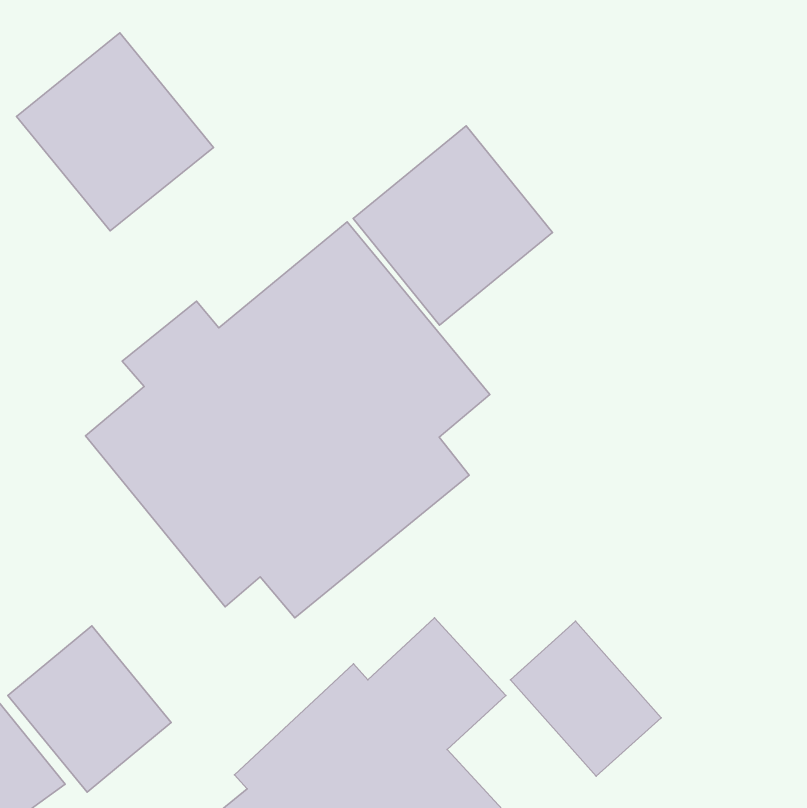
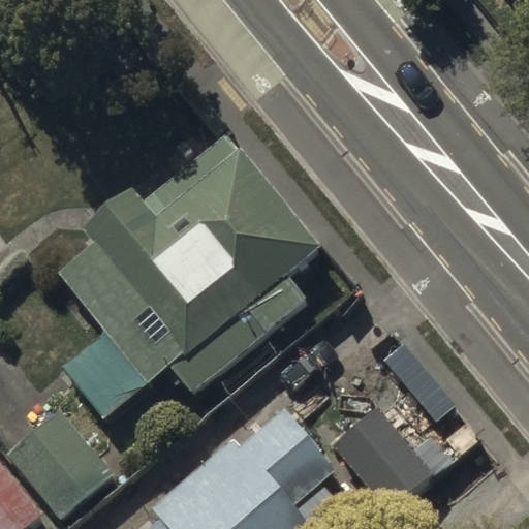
building: [16,33,214,231] -> none
building: [353,126,553,325] -> none

